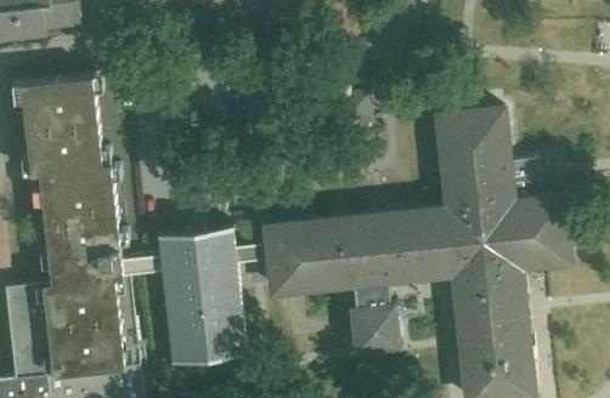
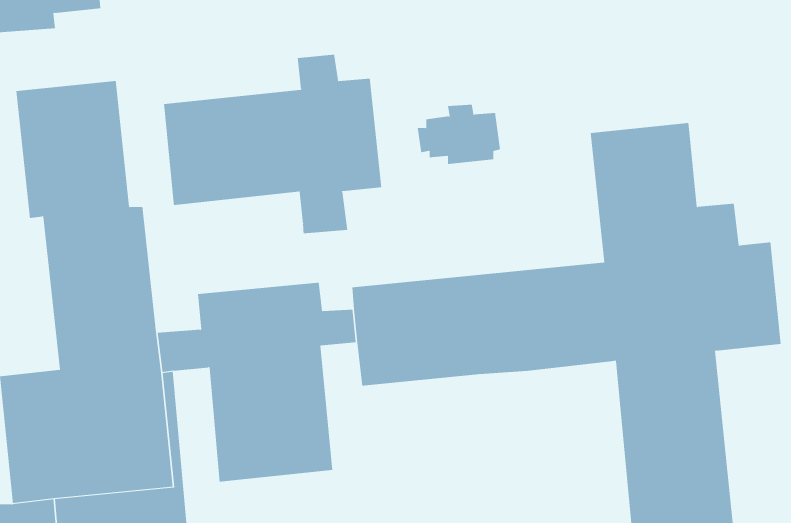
building: none -> [163,54,382,234]
building: [349,284,401,354] -> none

